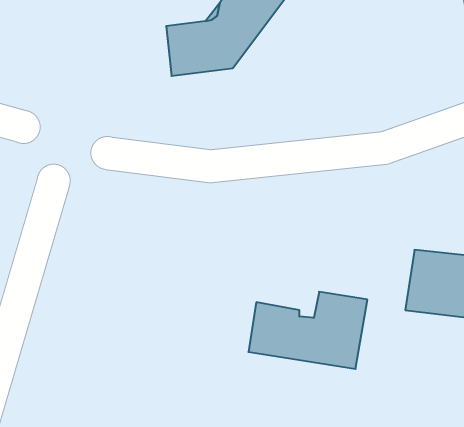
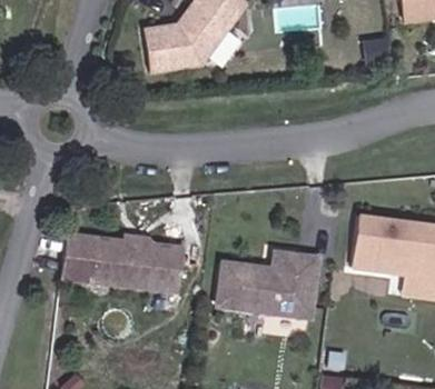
building: none -> [62,233,182,291]

